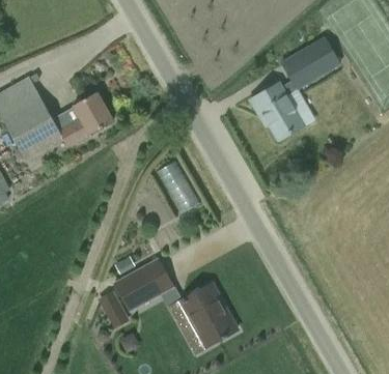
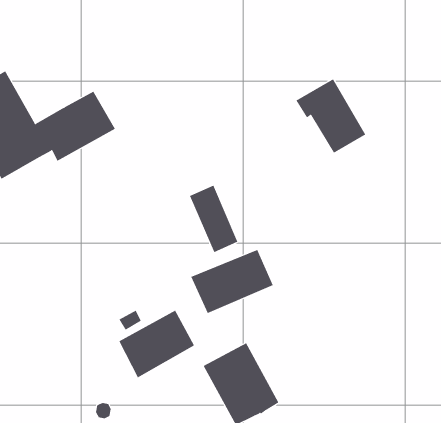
building: [280,37,339,89] -> none
building: none -> [190,249,273,314]
building: [98,290,129,327] -> none

